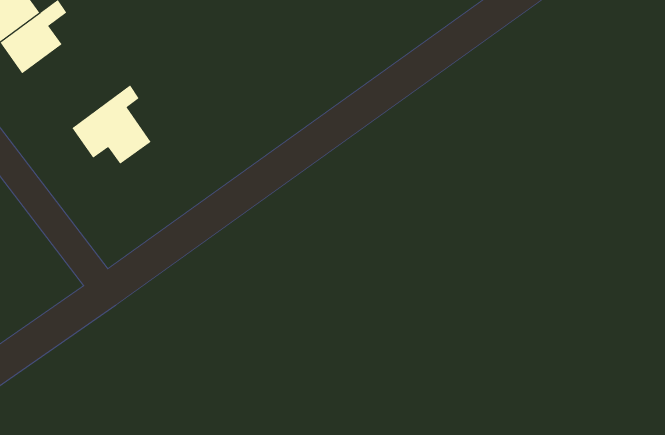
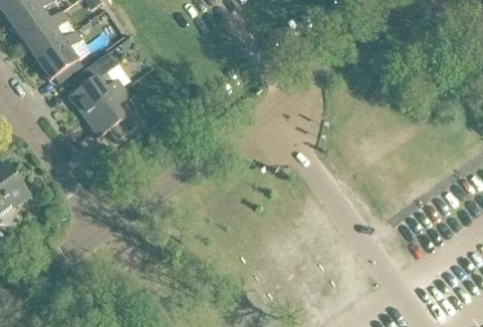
building: none -> [69,51,124,114]

